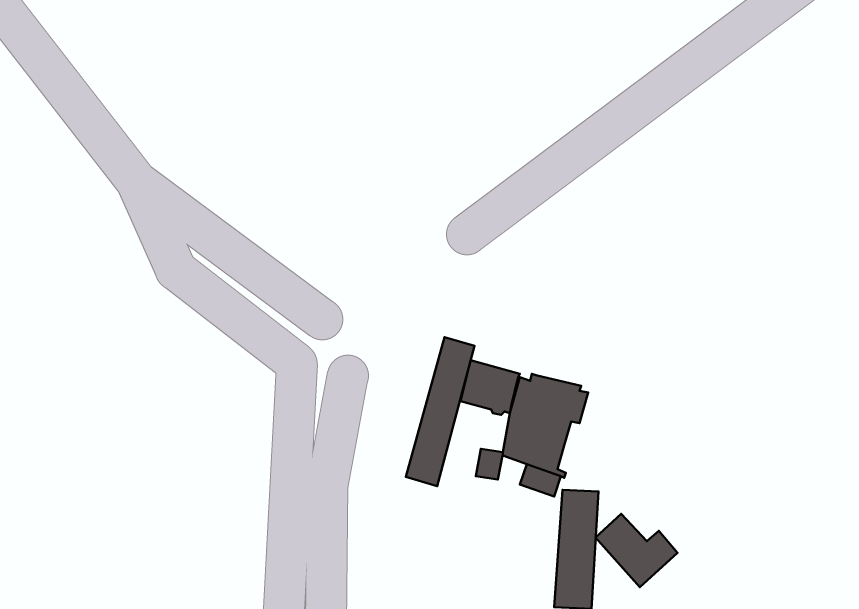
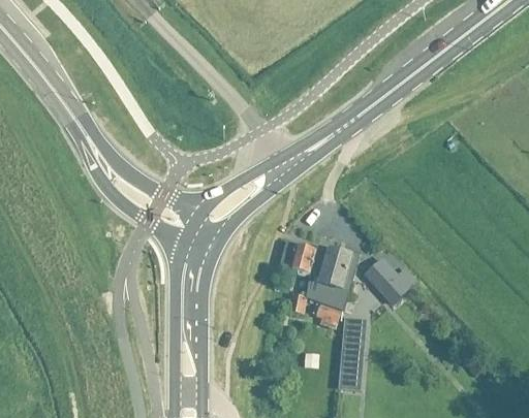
building: [406,337,474,486] -> none
building: [596,514,677,587] -> [367,260,416,304]

